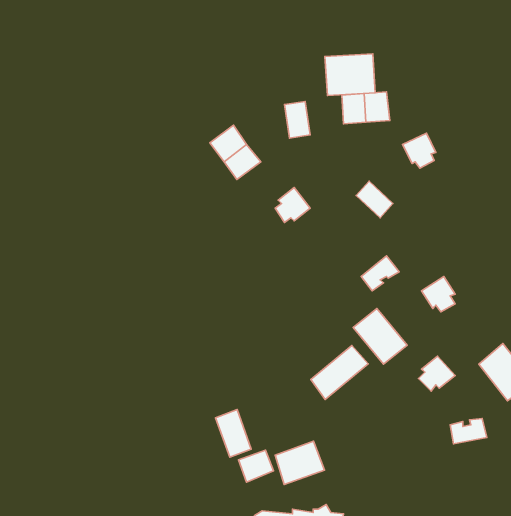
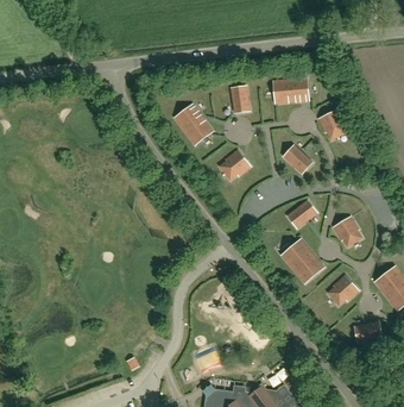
building: [325,54,375,95] -> none
building: [311,345,368,399] -> none
building: [216,410,251,457] -> none
building: [275,441,325,485] -> none

